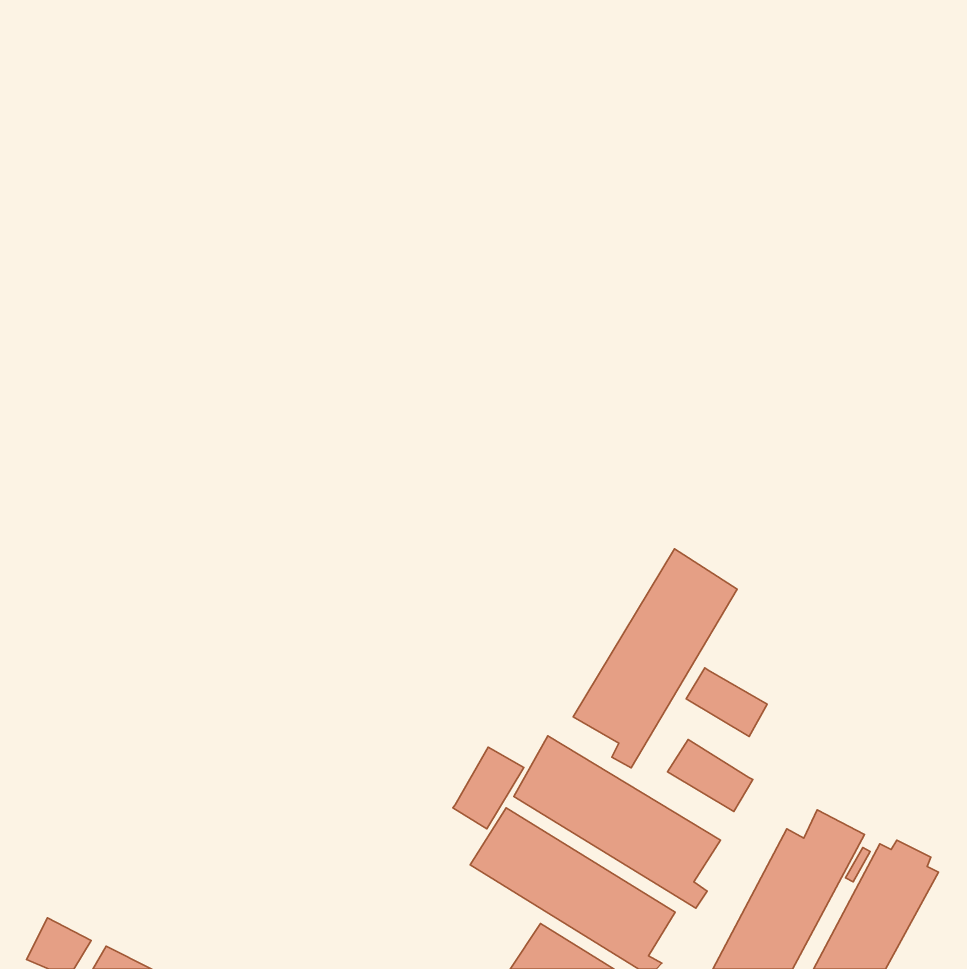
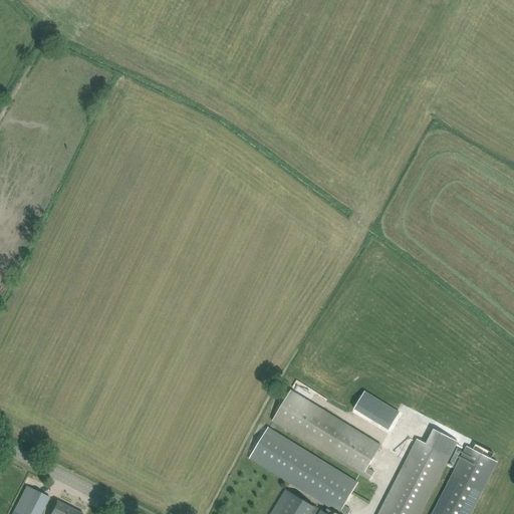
building: [573,549,737,768] -> none
building: [686,668,767,737] -> none
building: [453,747,524,829] -> none

